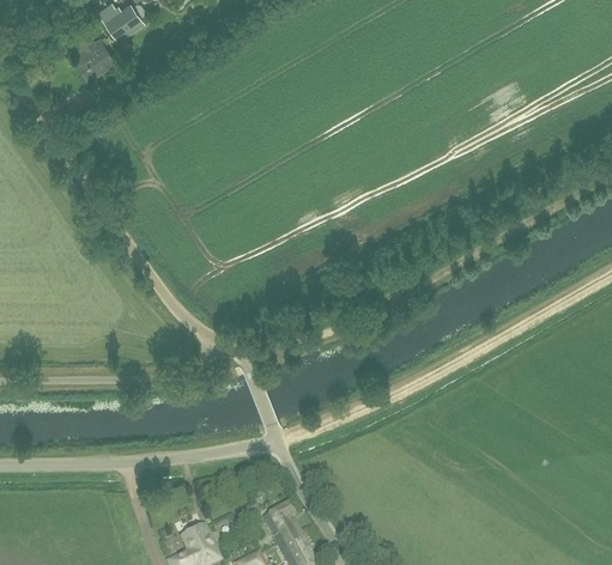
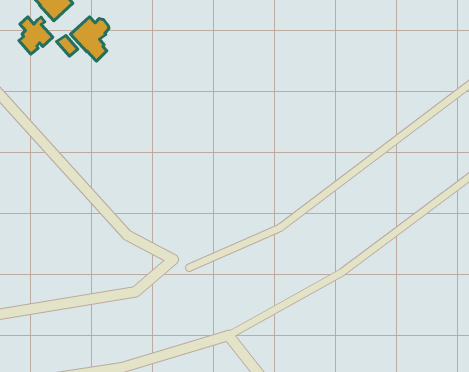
building: none -> [70,17,109,61]

